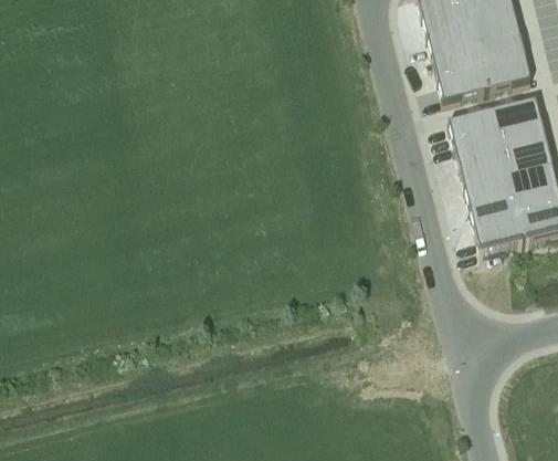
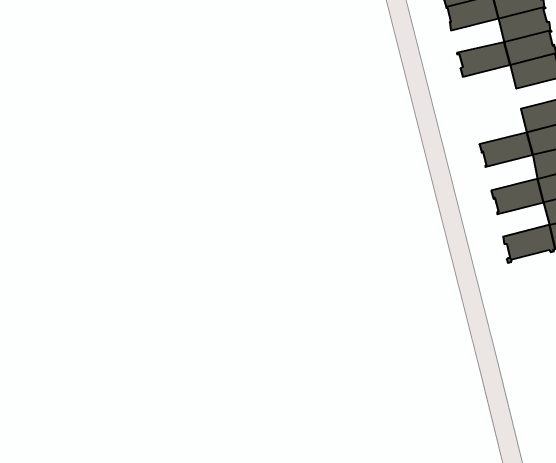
building: [427,22,476,54] -> none
building: [438,65,487,98] -> none
building: [448,106,497,139] -> none
building: [459,149,507,182] -> none
building: [470,193,518,226] -> none

